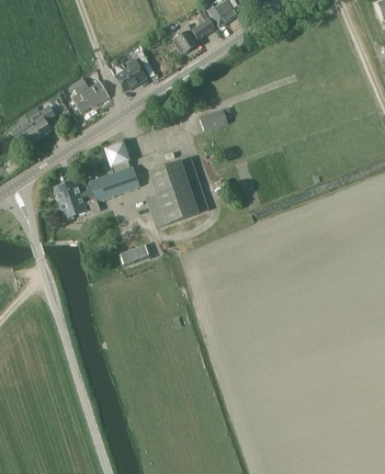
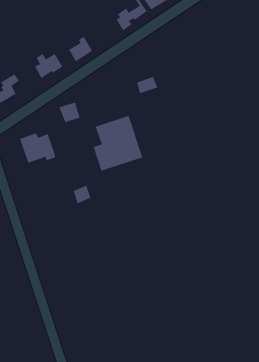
building: [90,166,140,201] -> none

